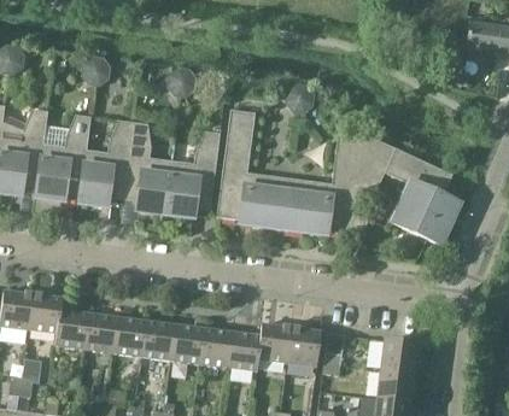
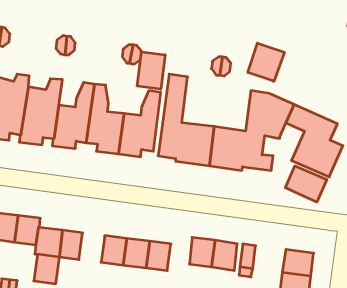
building: none -> [248,43,284,81]
building: none -> [137,52,165,89]
building: none -> [285,166,327,202]
building: [112,317,146,356] -> [34,254,59,284]
building: [228,332,259,370] -> none

